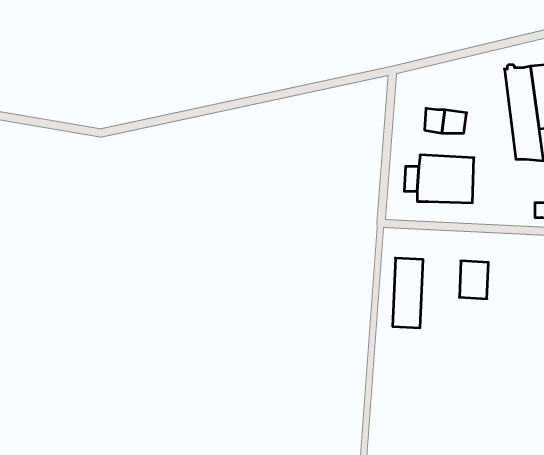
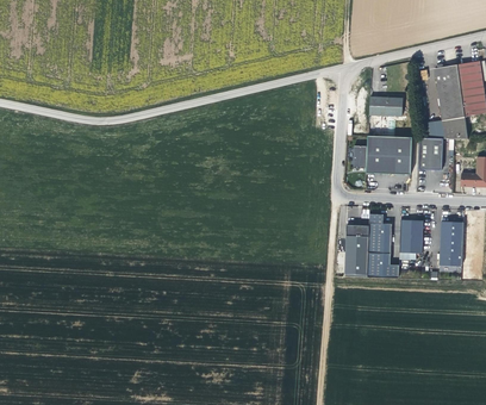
building: none -> [418,138,443,172]
building: none -> [367,212,399,279]
building: none -> [440,222,463,267]

